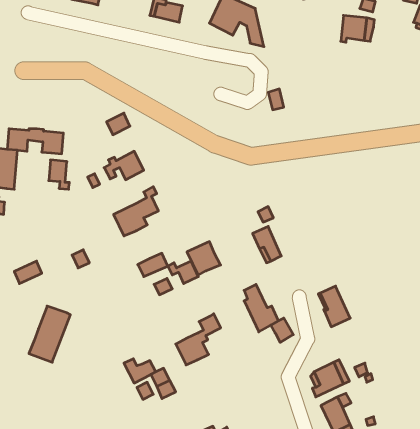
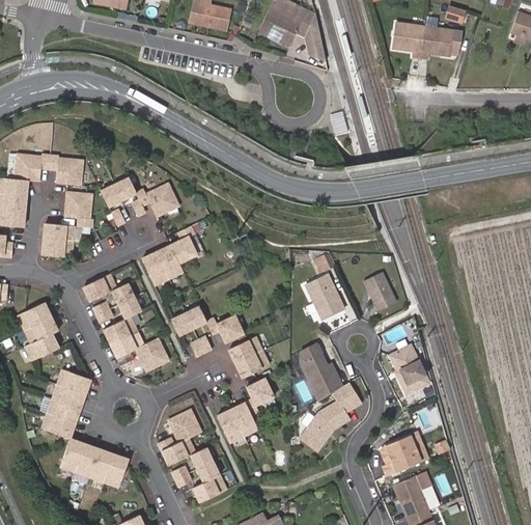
building: none -> [389,17,419,52]
building: [107,113,130,135] -> [109,178,137,204]
building: none -> [43,225,75,259]
building: none -> [363,272,395,310]
building: none -> [84,274,170,372]
building: [187,242,221,275] -> [230,336,271,377]
building: none -> [17,300,51,328]
building: none -> [26,332,60,359]
building: none -> [299,402,347,450]
building: none -> [167,406,200,439]
building: none -> [59,437,129,487]
building: none -> [193,472,224,498]

